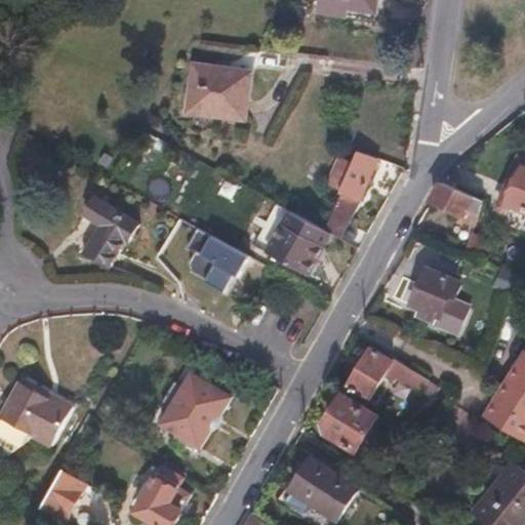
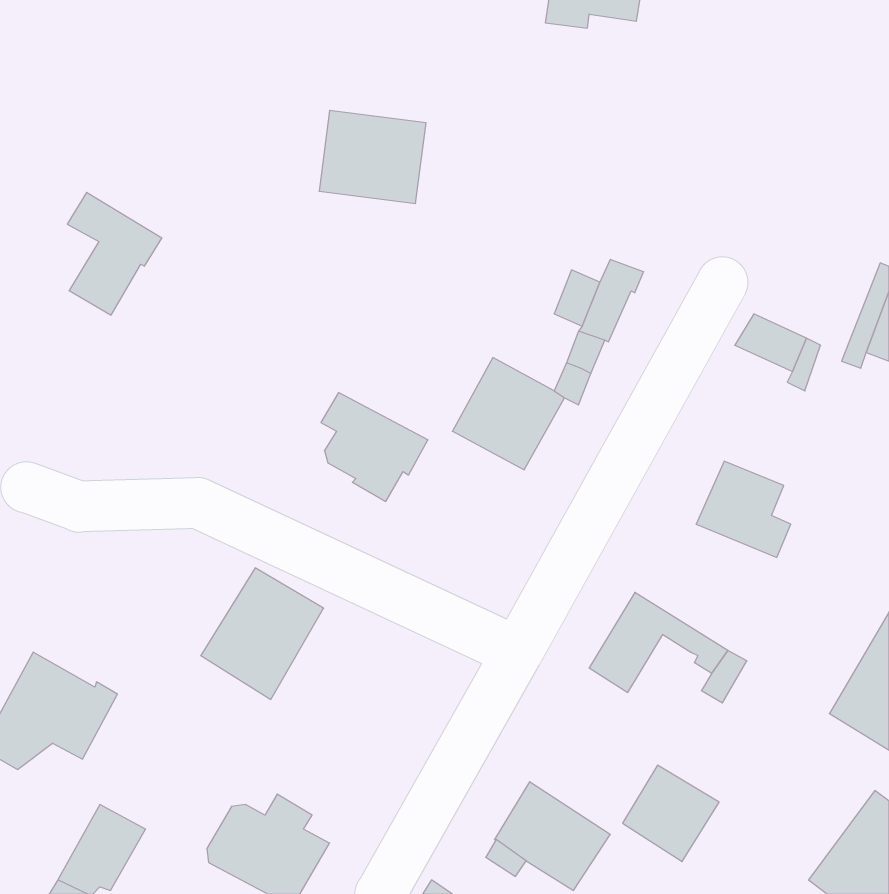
building: [81,197,136,269] -> [67,192,162,315]
building: [158,372,230,449] -> [201,568,324,699]
building: [321,396,377,452] -> [623,765,719,862]

